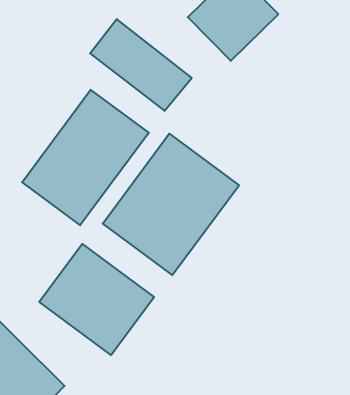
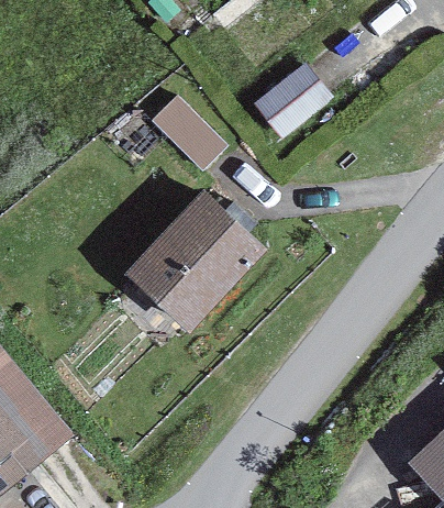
building: [22,90,149,225] -> none
building: [39,244,154,355] -> none

